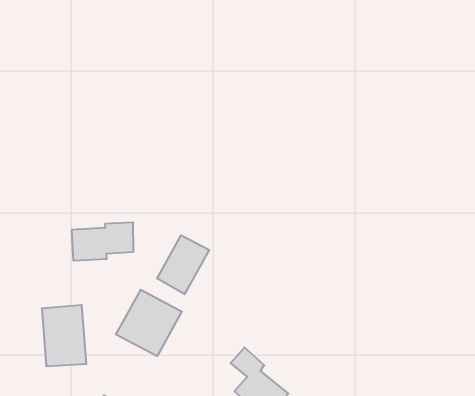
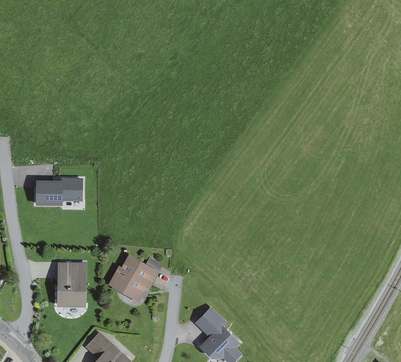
building: [72,222,133,261] -> [34,179,80,205]
building: [157,235,209,294] -> none

